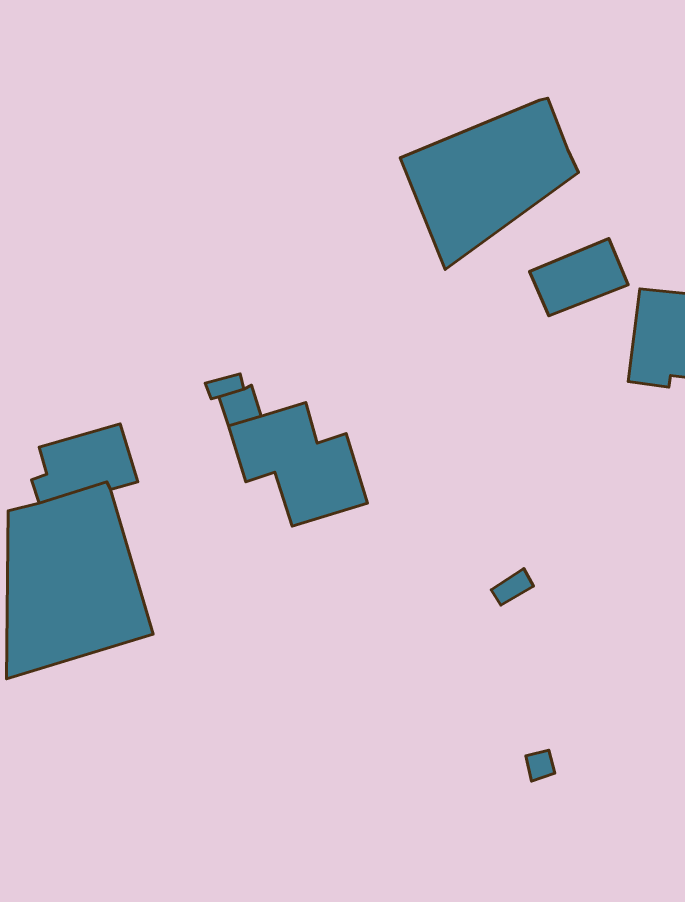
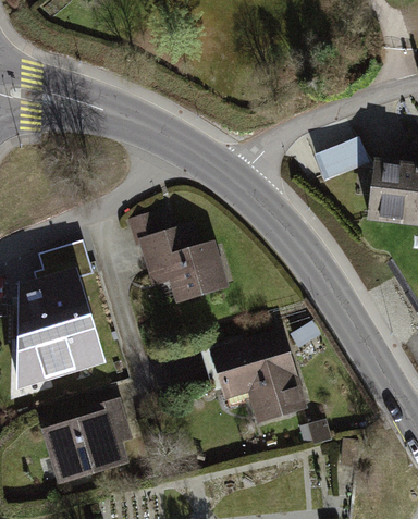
building: [400,98,579,270] -> none
building: none -> [204,333,304,421]
building: none -> [49,404,126,477]

